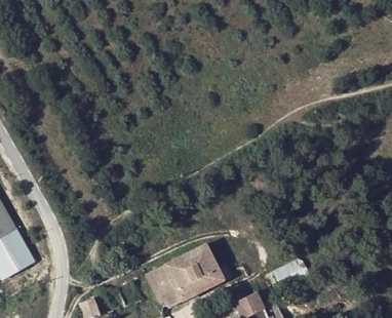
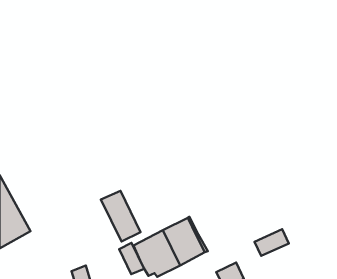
building: none -> [101,191,141,241]
building: none -> [119,243,144,274]

